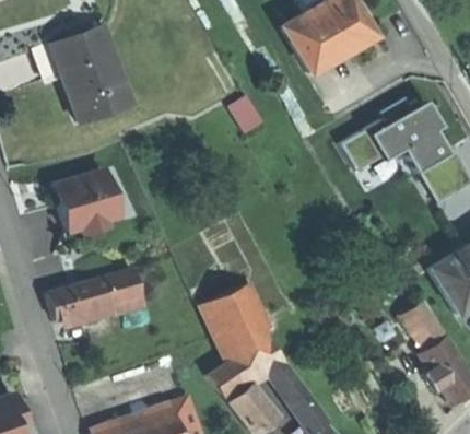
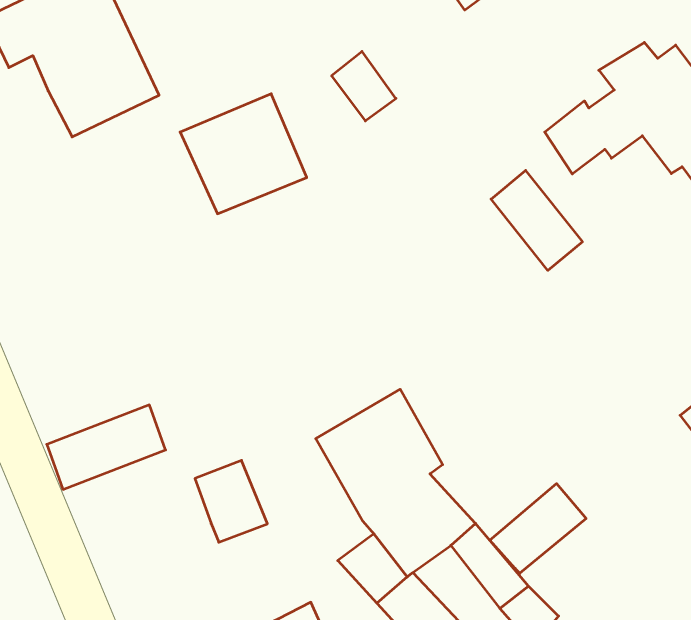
building: none -> [491,170,582,270]
building: [58,172,127,236] -> [180,94,307,214]
building: [109,270,148,315] -> [195,460,267,542]
building: none -> [490,484,586,573]

